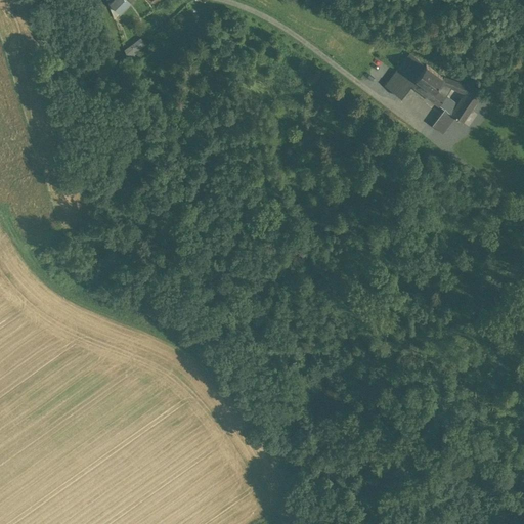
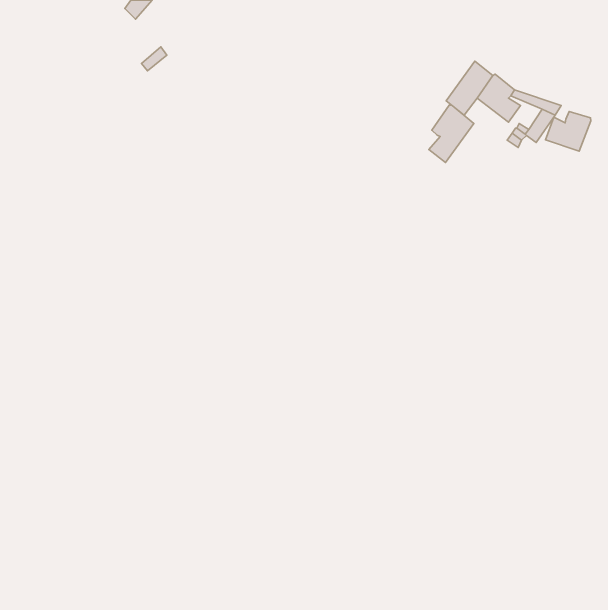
building: none -> [429,105,474,163]
building: none -> [546,112,591,151]

